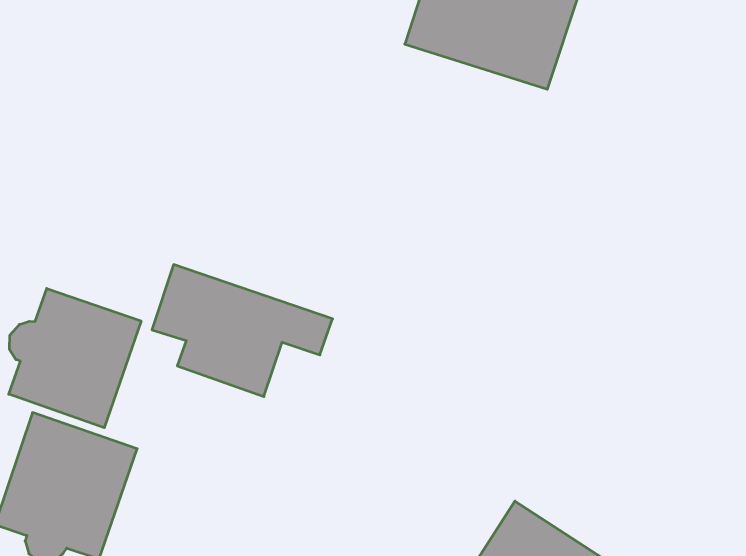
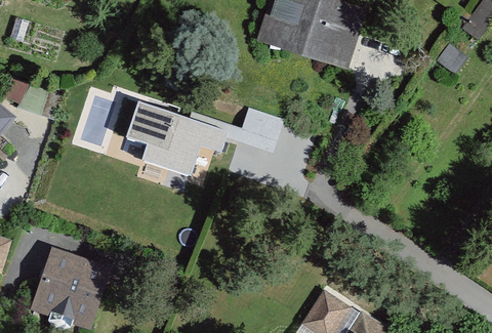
building: [152,265,333,397] -> [122,99,224,174]
building: [9,288,141,428] -> none

